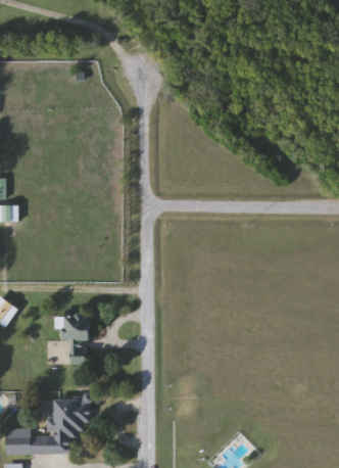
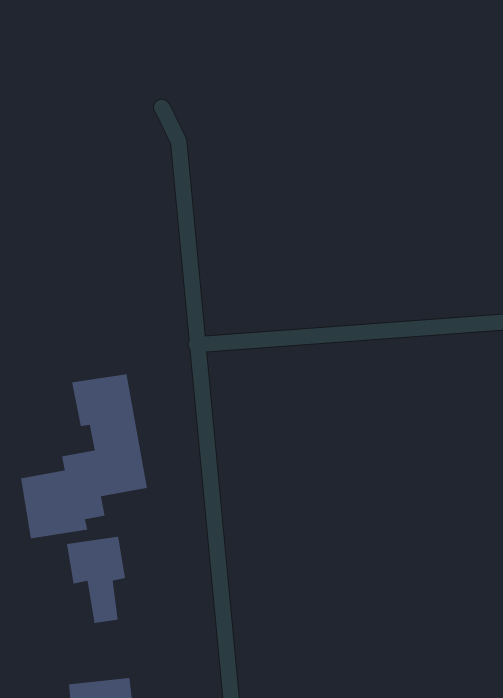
building: none -> [20,373,148,539]

